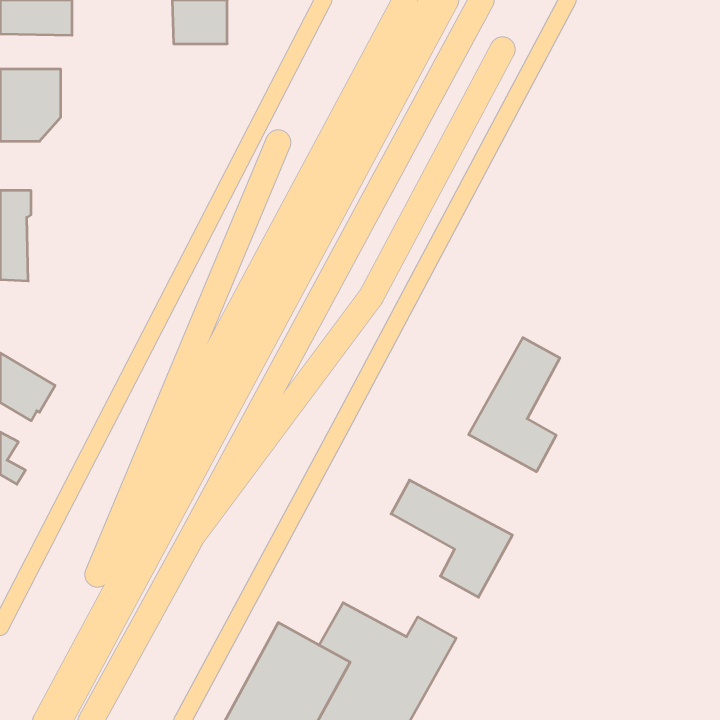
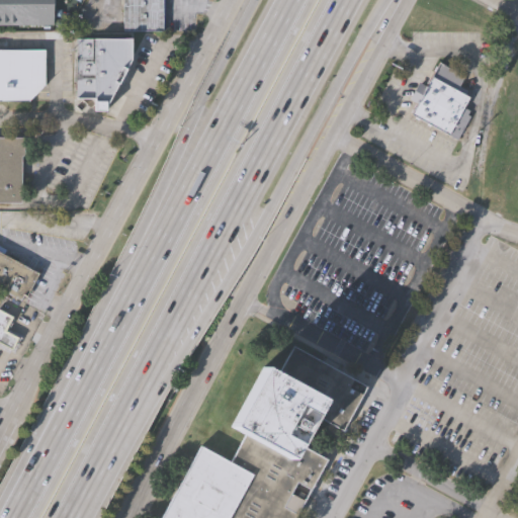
building: none -> [75,39,130,111]
building: none -> [413,62,472,139]
building: [469,338,560,472] -> none
building: none -> [233,361,327,457]

